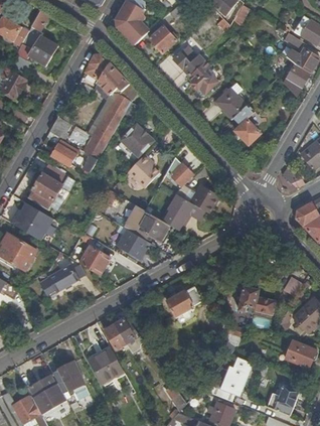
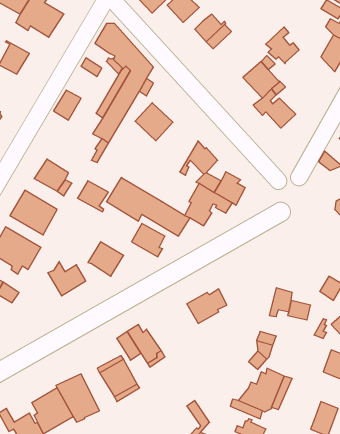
building: [188,61,217,94] -> [266,27,299,64]
building: [50,141,77,168] -> [77,181,108,212]
building: [126,154,158,188] -> none

